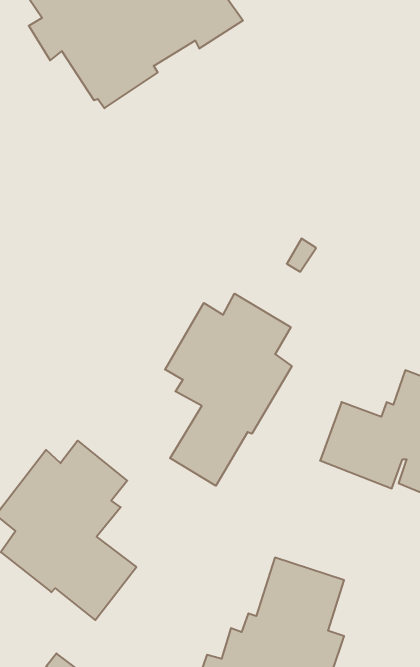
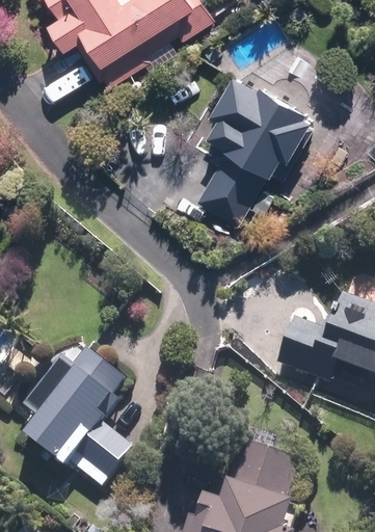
building: none -> [193,73,312,227]
building: [165,294,292,486] -> none

